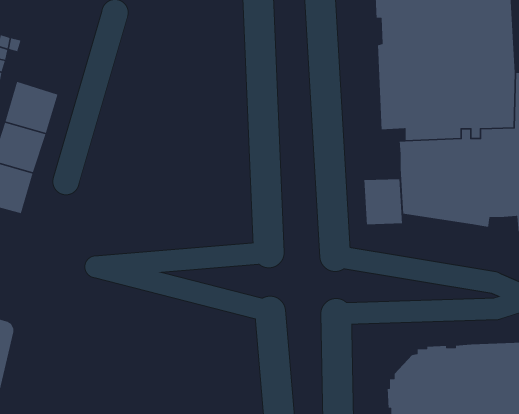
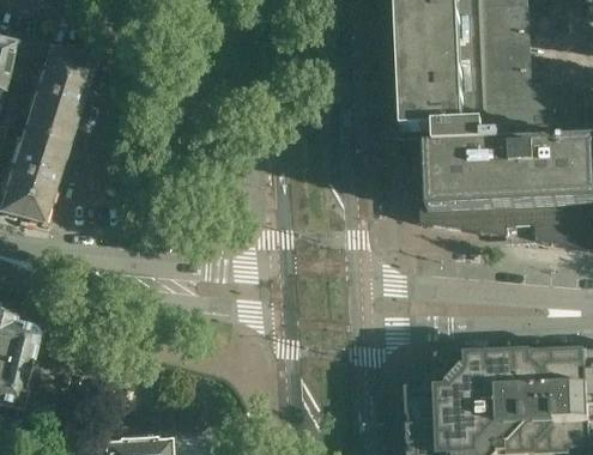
building: none -> [36,47,91,99]
building: [363,179,403,225] -> none

